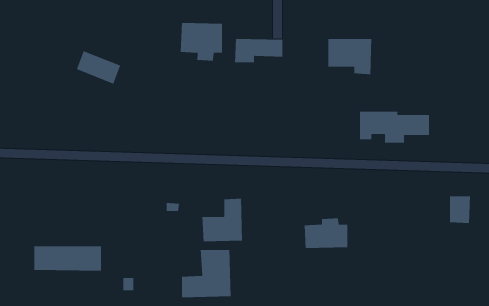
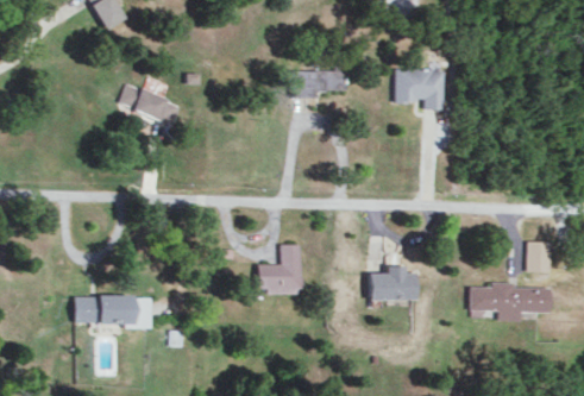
building: [180,22,223,62] -> none
building: [359,111,430,144] -> [472,285,550,321]
building: [181,249,231,298] -> none

